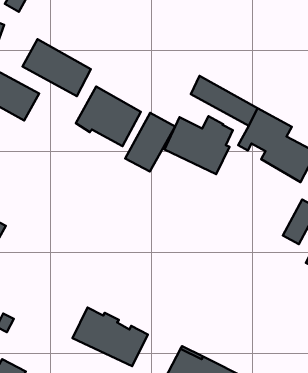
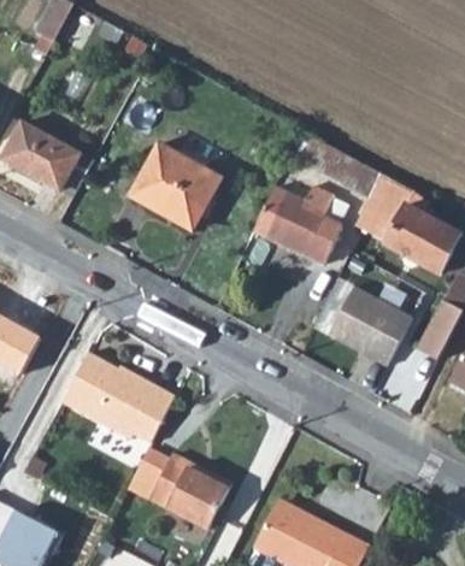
building: [23,39,91,96] -> none
building: [125,113,175,172] -> none
building: none -> [316,275,417,366]
building: none -> [61,352,173,443]

